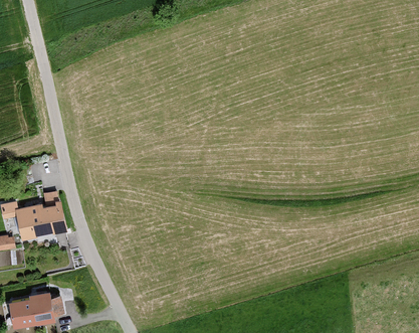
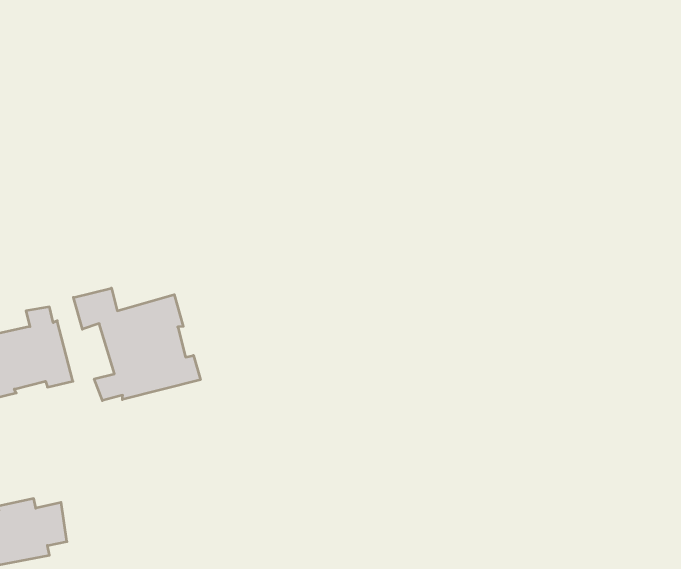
building: none -> [73,288,200,401]

